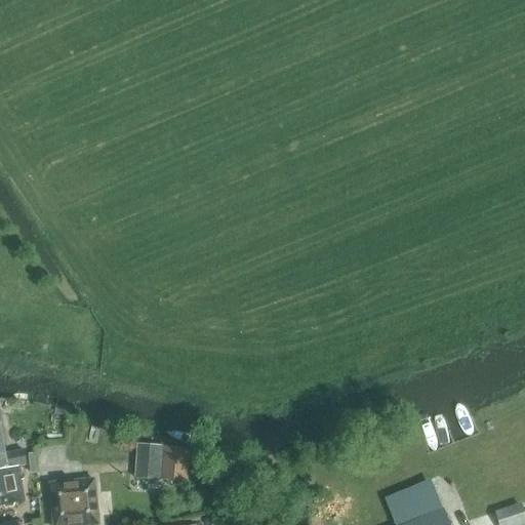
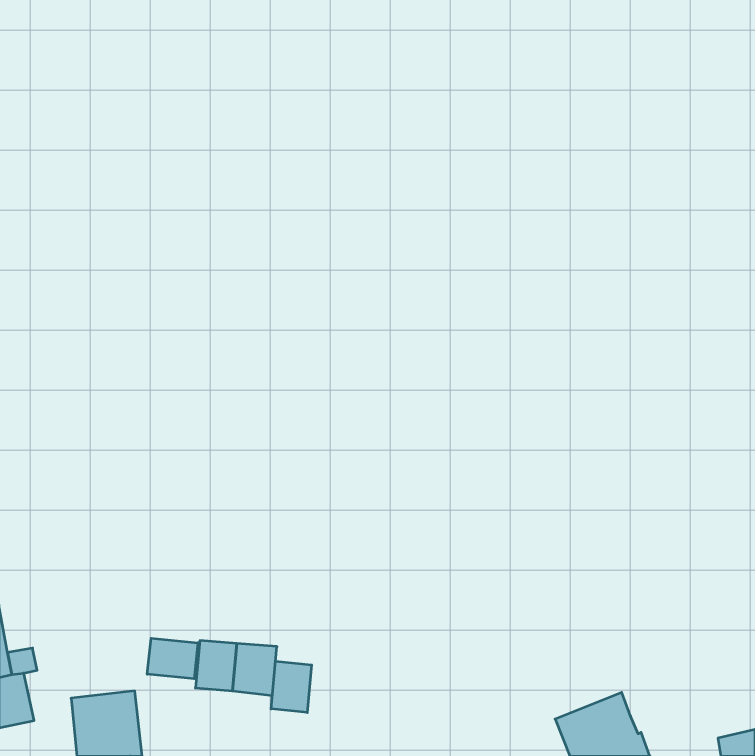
building: none -> [147,638,198,679]
building: none -> [271,661,312,713]

